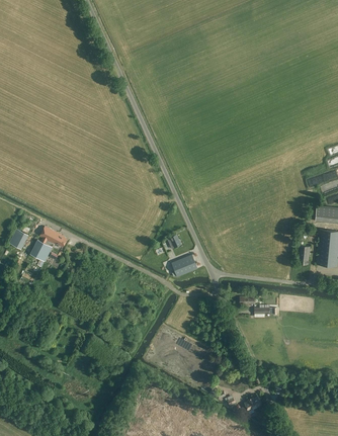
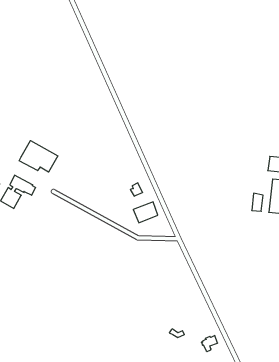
building: none -> [19,141,58,172]

